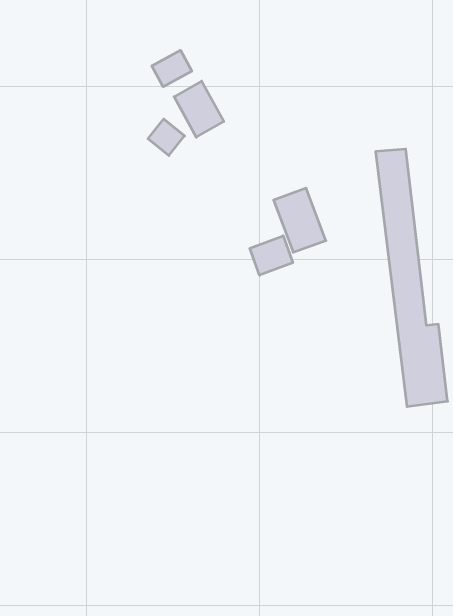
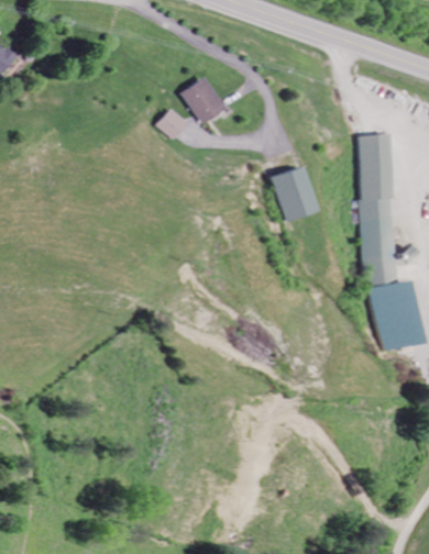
building: [152,50,192,87] -> none
building: [250,236,293,275] -> none

